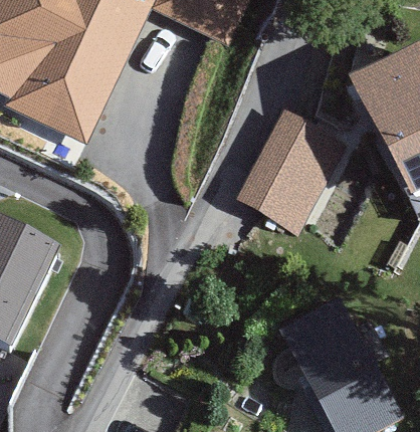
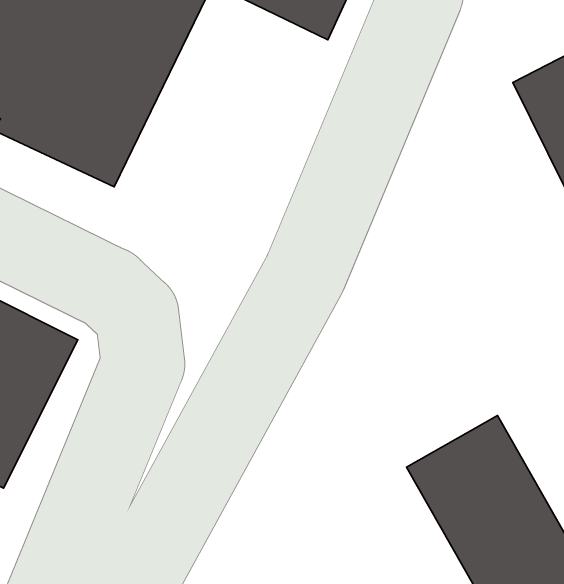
building: [234,111,347,233] -> none

